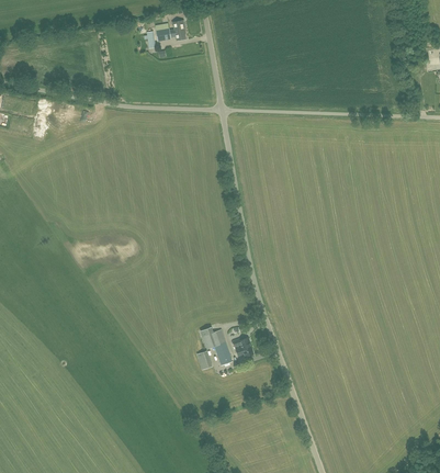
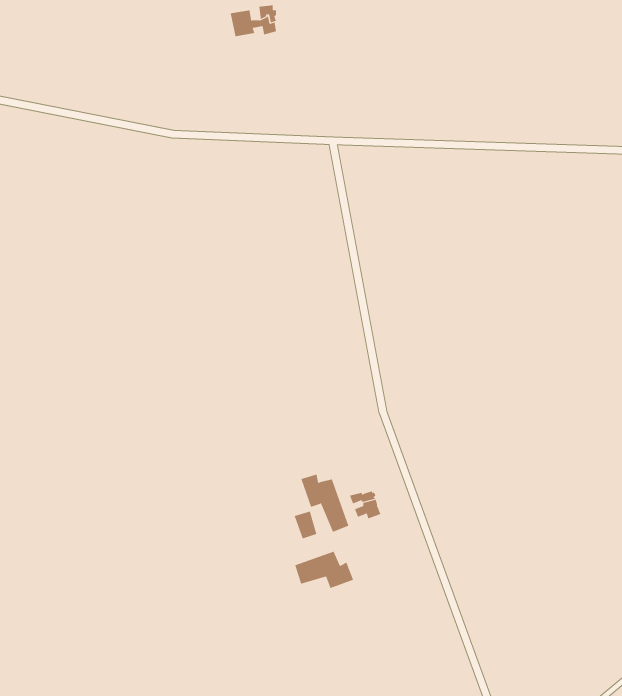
building: none -> [295,551,354,589]

